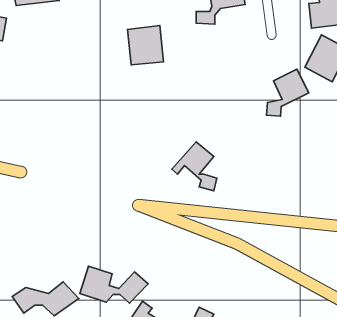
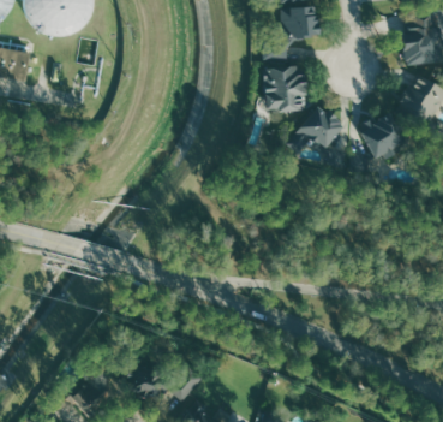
building: [127,26,164,65] -> [263,66,307,114]
building: [172,142,217,191] -> [291,109,346,170]

